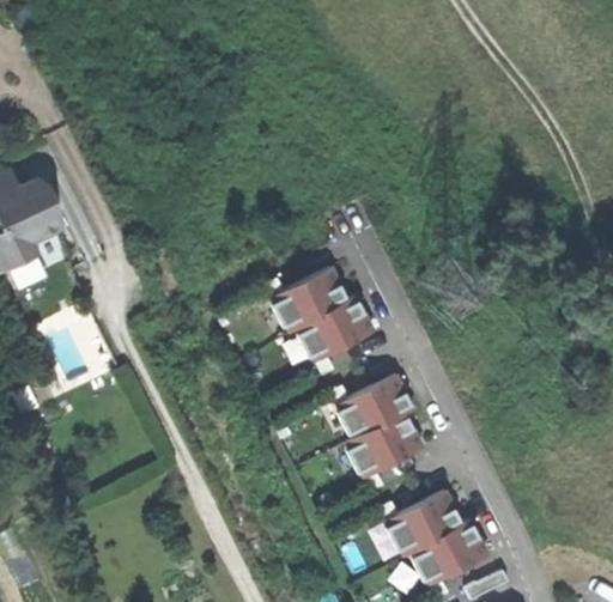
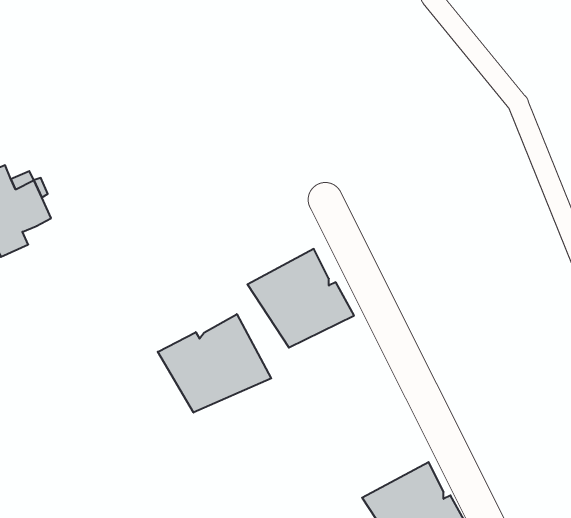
building: none -> [158,314,271,413]
building: [324,371,425,481] -> none

